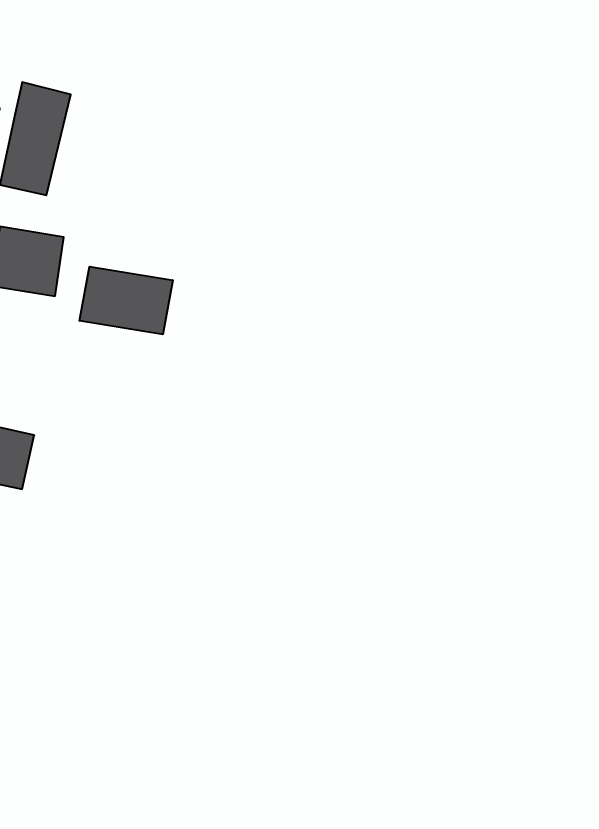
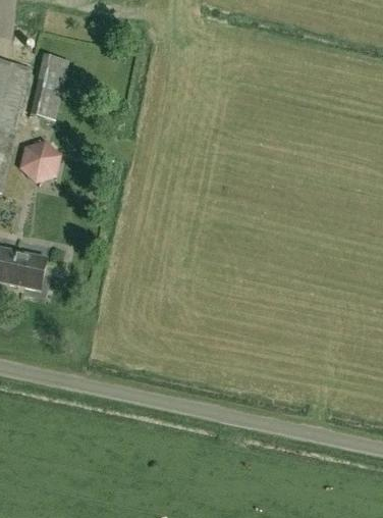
building: [80,267,173,334] -> none

